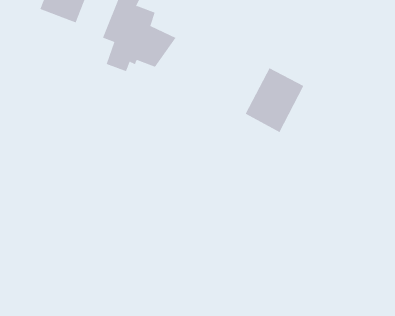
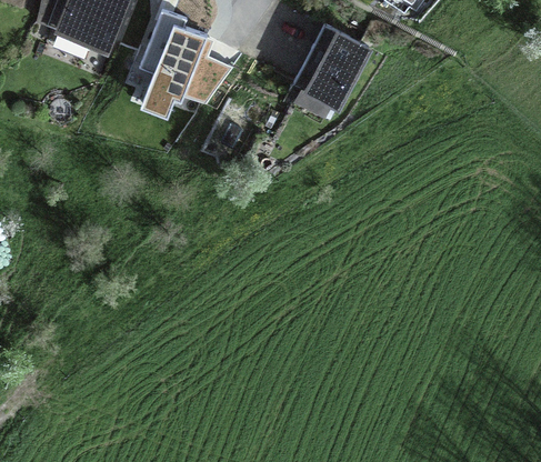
building: [245,67,304,133] -> [292,26,368,109]

